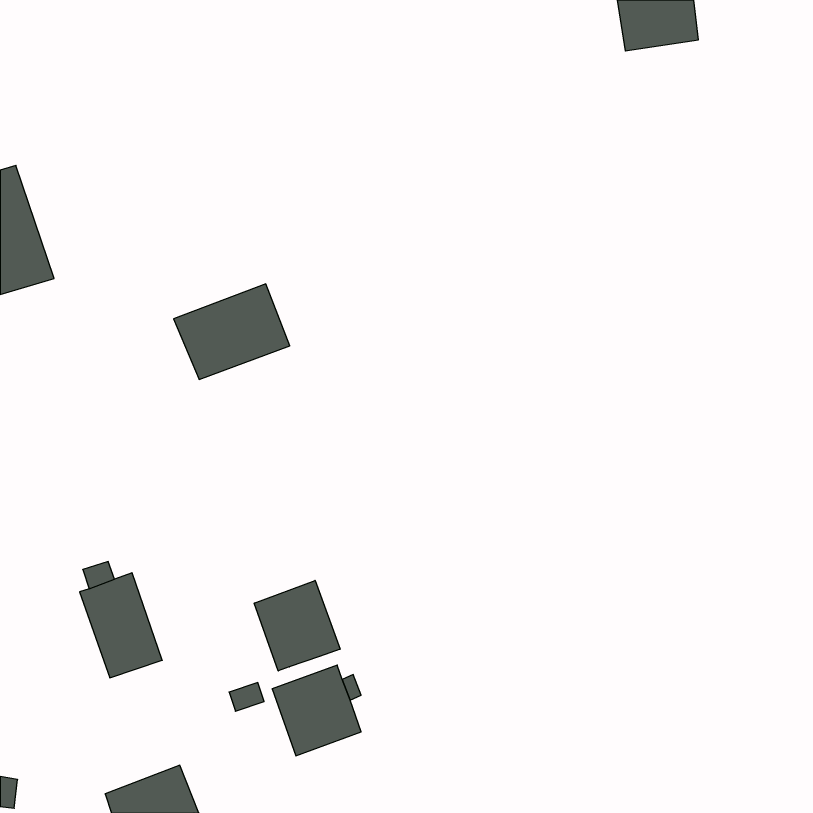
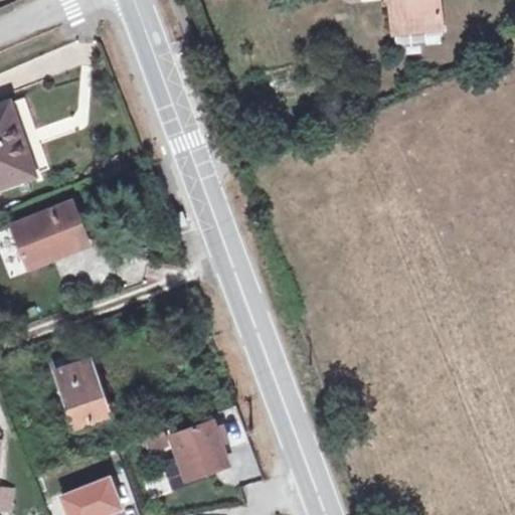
building: [174,284,290,379] -> [14,204,88,265]
building: [254,580,340,671] -> none

